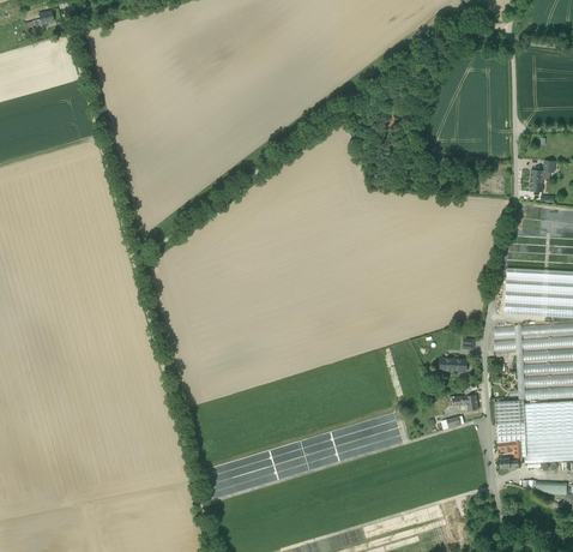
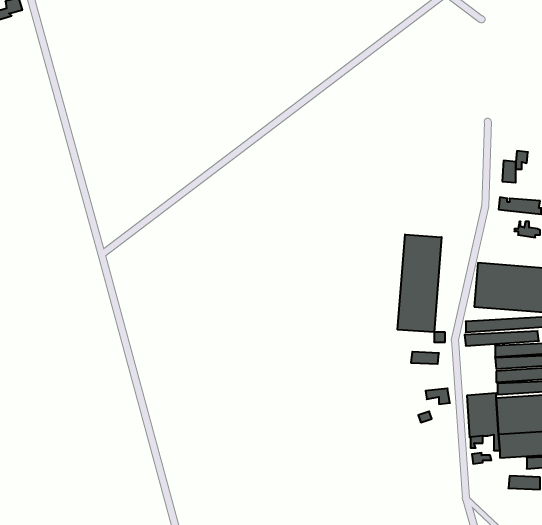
building: none -> [398,234,442,332]

